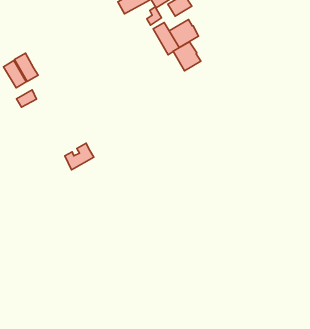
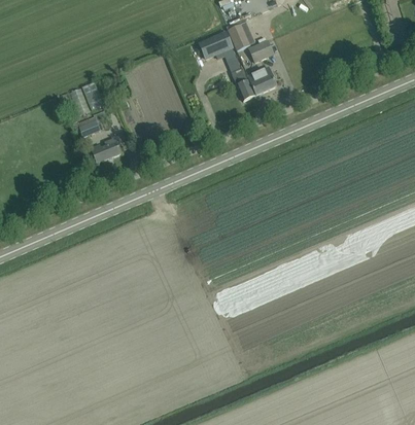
building: [173,42,201,71] -> none
building: [65,143,94,170] -> [92,137,122,163]

